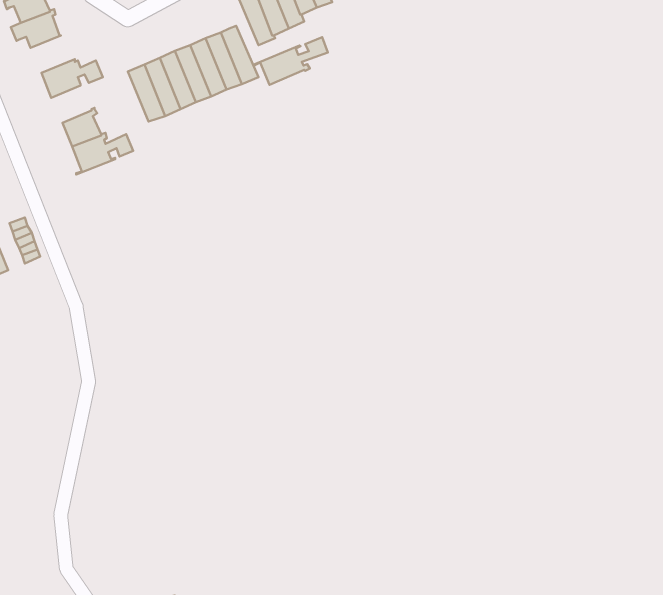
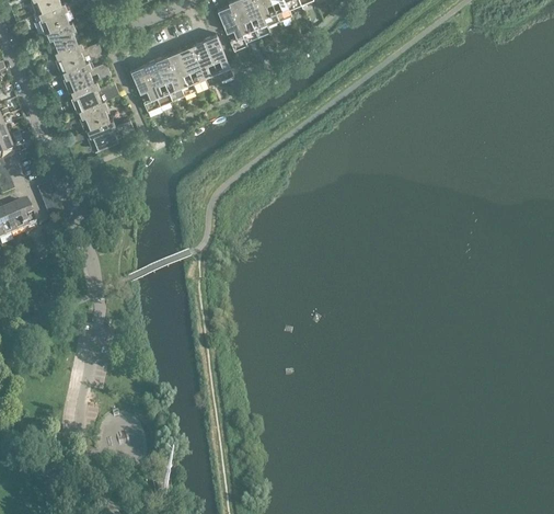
building: none -> [54,38,103,69]
building: [253,37,328,85] -> none
building: none -> [70,77,119,108]

